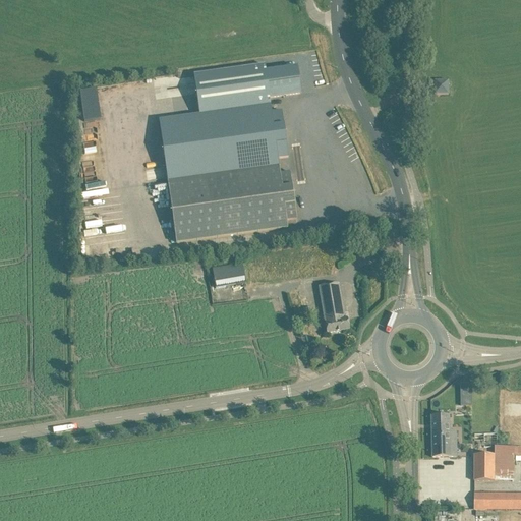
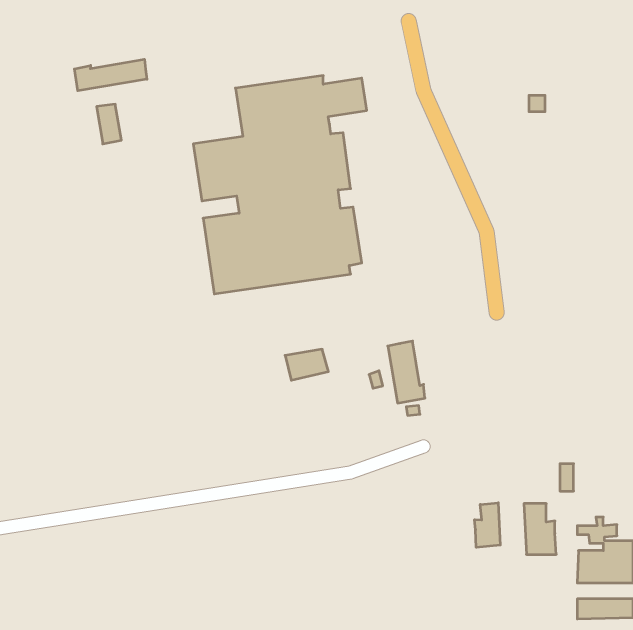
building: none -> [74,59,147,91]
building: [212,262,247,287] -> [285,349,328,380]
building: none -> [475,503,500,547]

